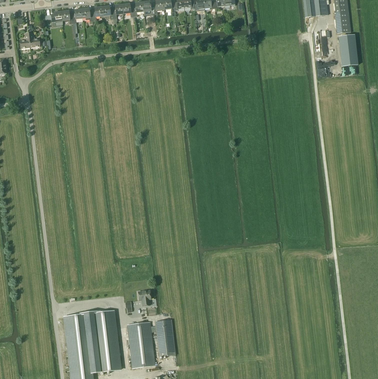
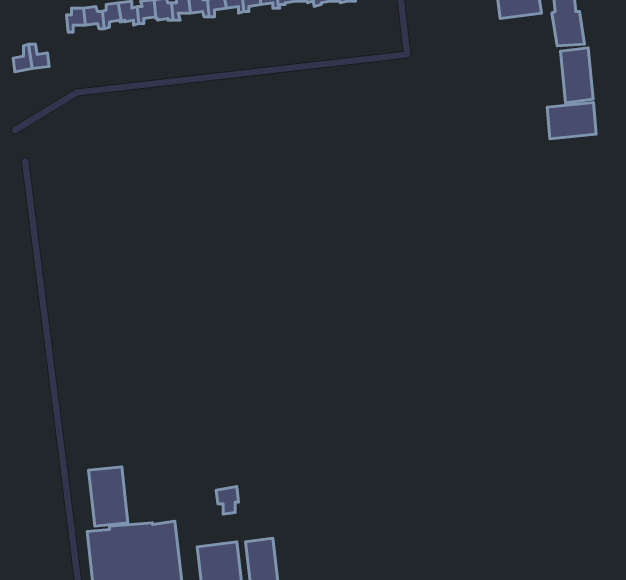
building: none -> [547,102,596,139]
building: none -> [89,467,128,526]

